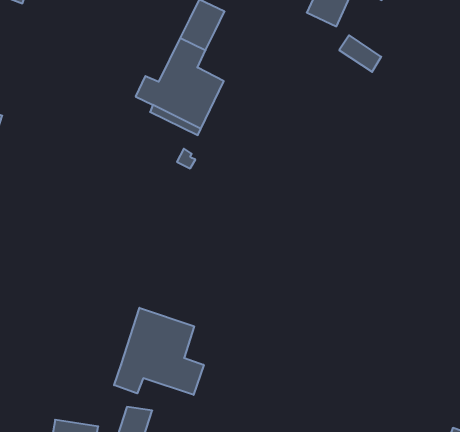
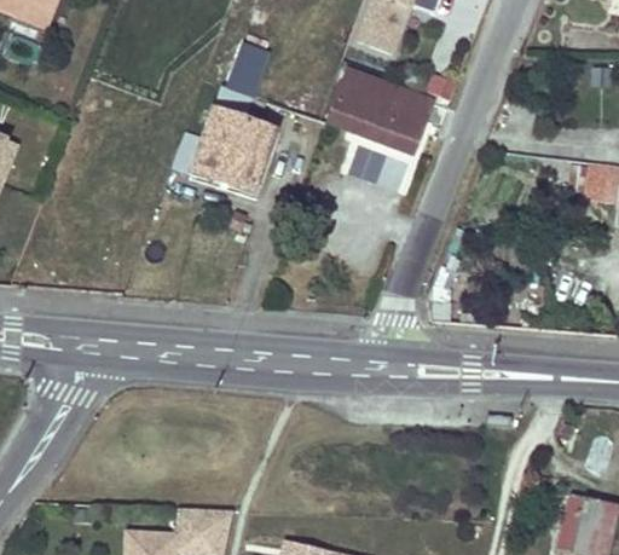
building: none -> [329,69,433,155]
building: [114,308,204,395] -> none

